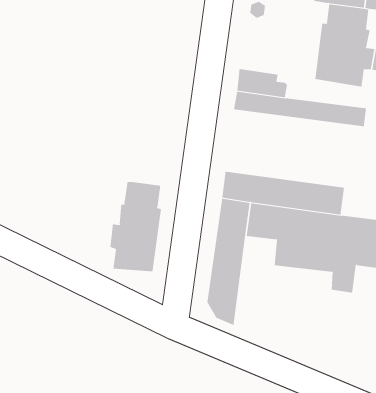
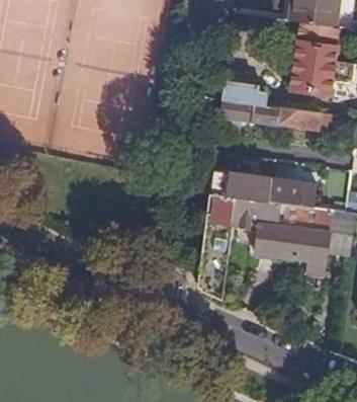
building: [110,181,161,272] -> none

